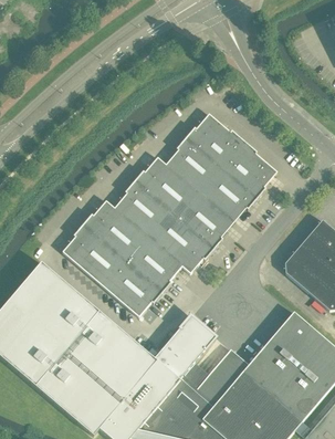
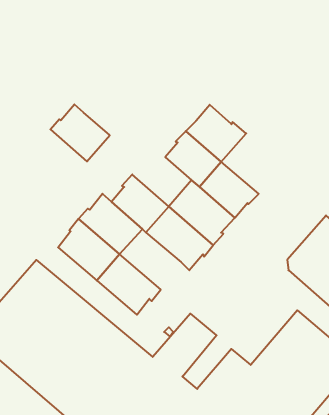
building: [220,139,276,198] -> none
building: [134,155,191,210] -> [50,104,110,161]
building: [122,232,181,291] -> none

